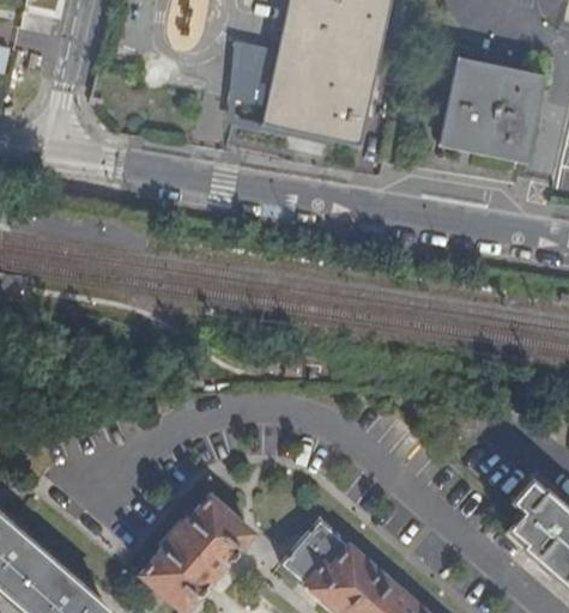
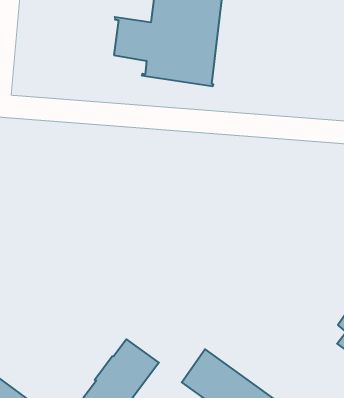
building: [438,53,547,160] -> none

